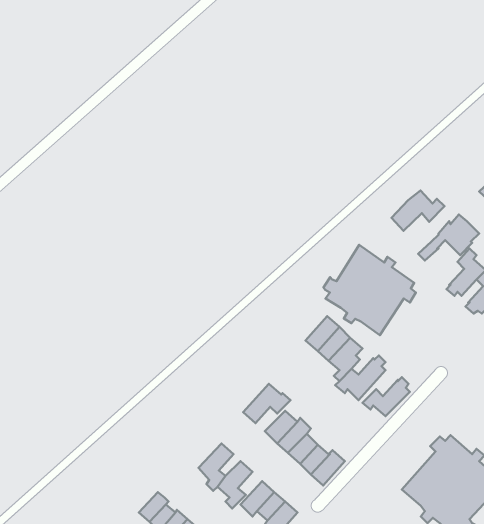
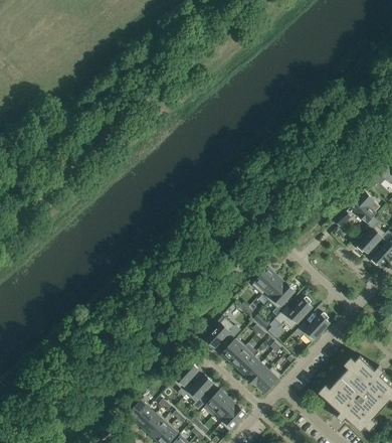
building: [391,191,444,231] -> none
building: [323,245,416,335] -> none

